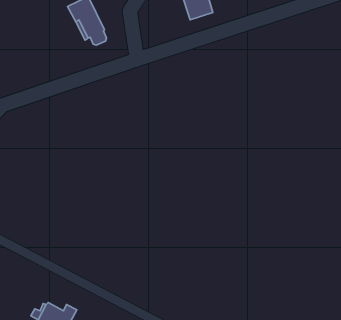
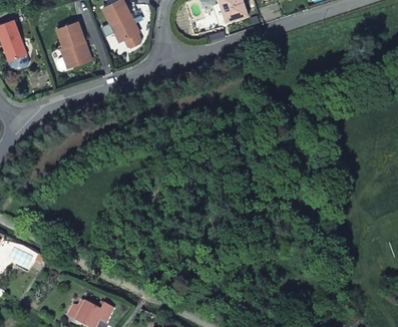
building: none -> [57,22,92,70]

